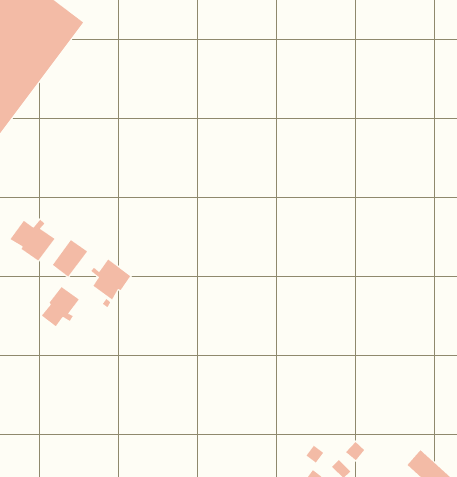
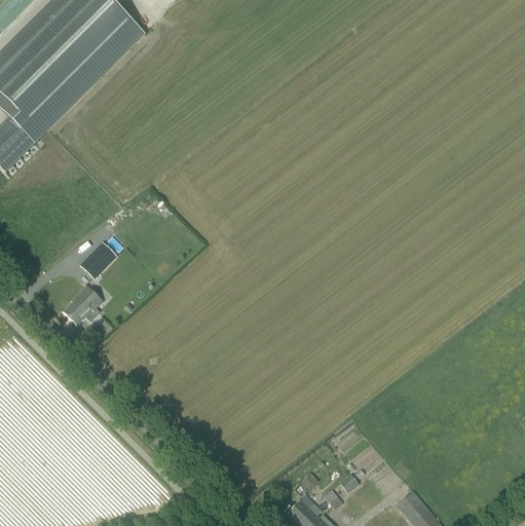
building: [10,219,55,262] -> none
building: [90,258,131,300] -> none

